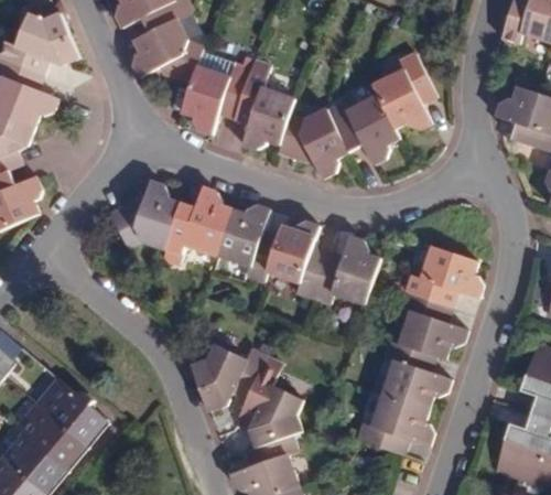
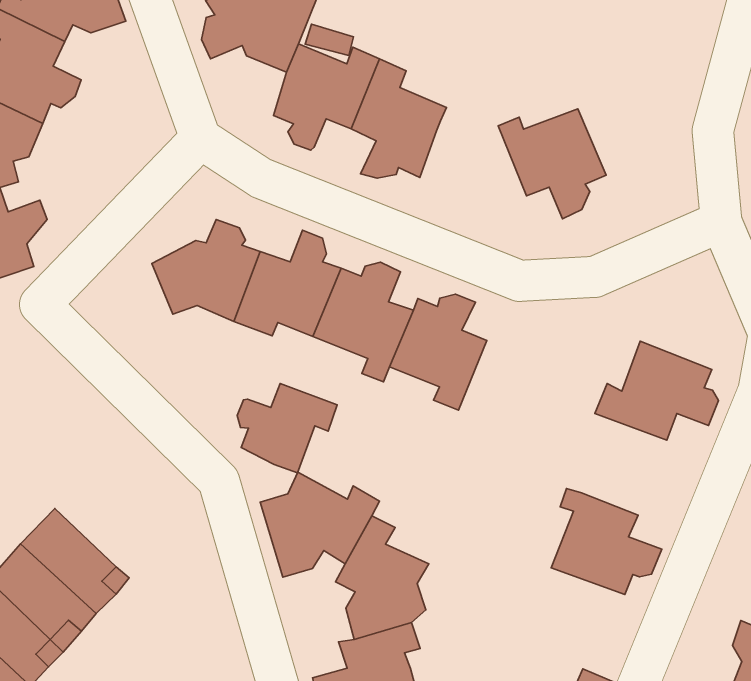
building: [375,58,435,131] -> none
building: [278,111,349,181] -> none
building: [314,237,382,303] -> none
building: none -> [237,383,337,473]
building: [397,293,466,361] -> none
building: [356,395,434,455] -> none

